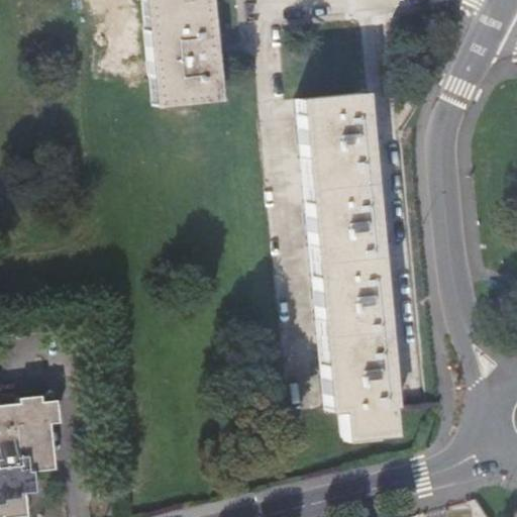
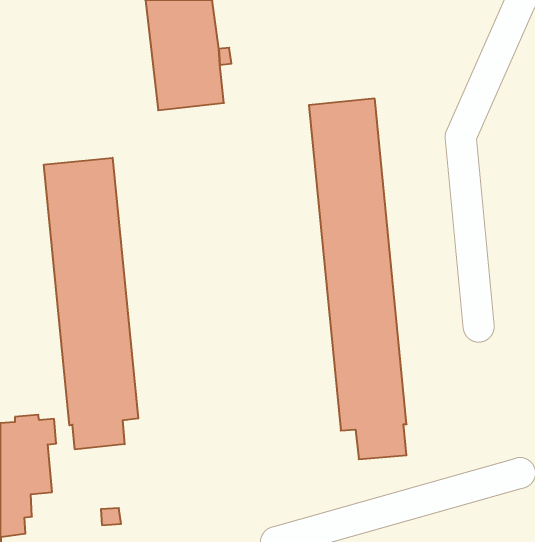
building: none -> [44,158,138,449]

